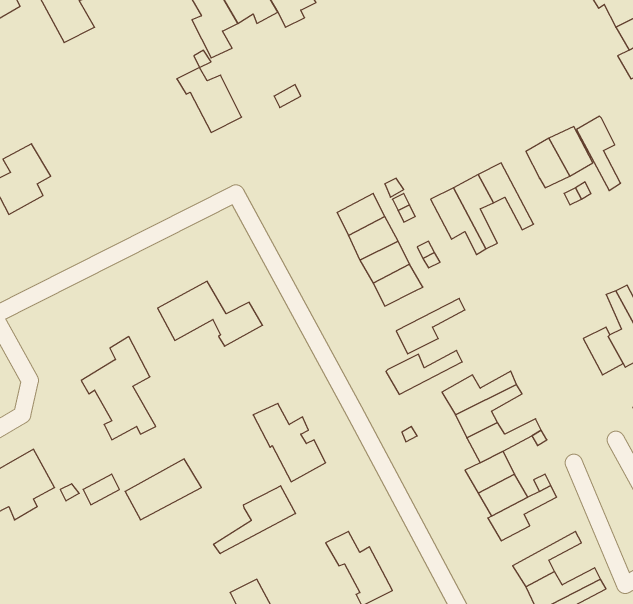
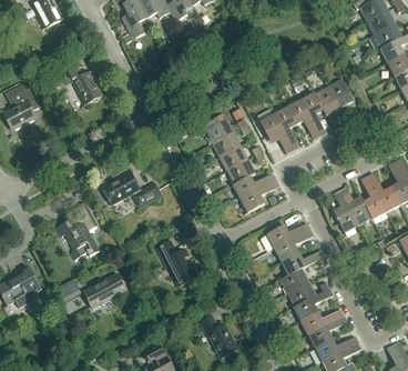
building: [177,67,242,132] -> [63,66,101,103]
building: [577,116,621,191] -> [300,92,326,136]
building: none -> [334,189,359,231]
building: [386,350,462,394] -> [232,172,276,198]
building: [214,486,296,554] -> none
building: none -> [300,309,344,334]

